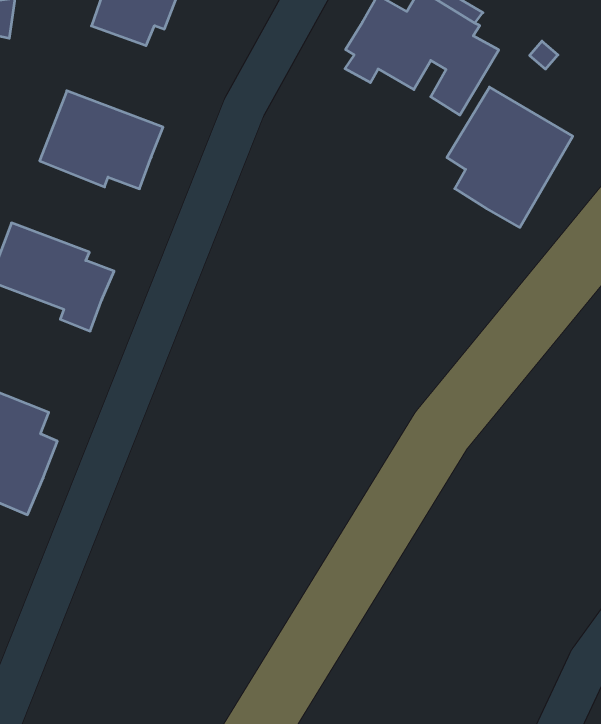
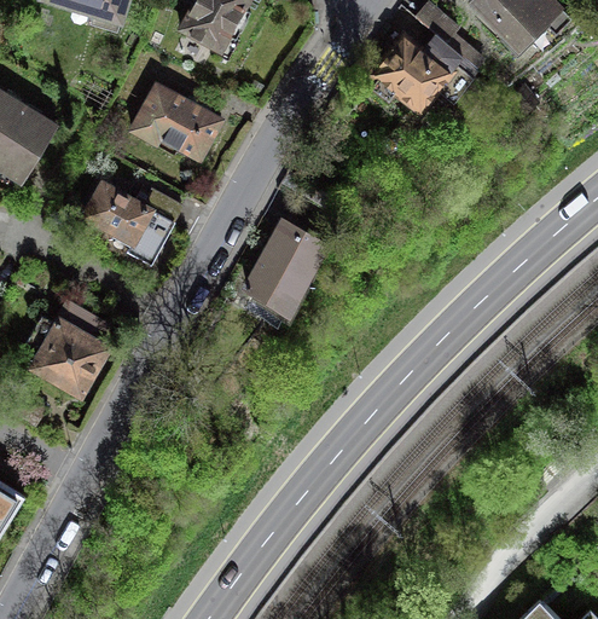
building: [447,87,573,227] -> none
building: none -> [240,214,329,314]

